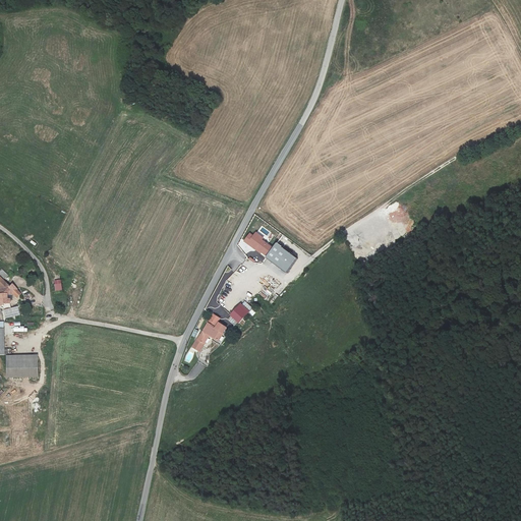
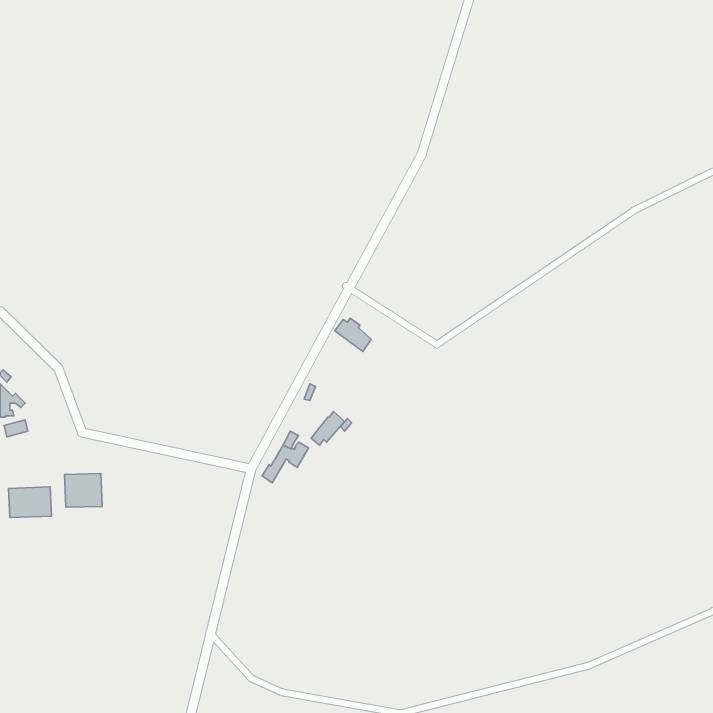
building: [266,243,296,272] -> none
building: none -> [65,474,102,507]

